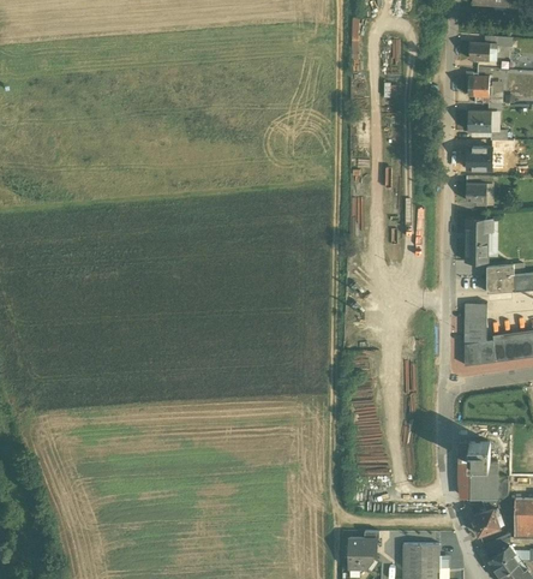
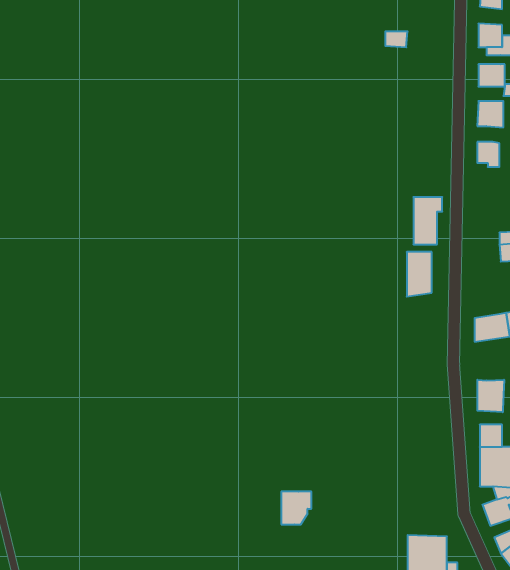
building: [466,219,492,262] -> [413,197,442,244]
building: [465,303,487,344] -> [407,252,432,297]
building: none -> [477,380,504,412]
building: [349,537,377,567] -> [281,492,311,524]

